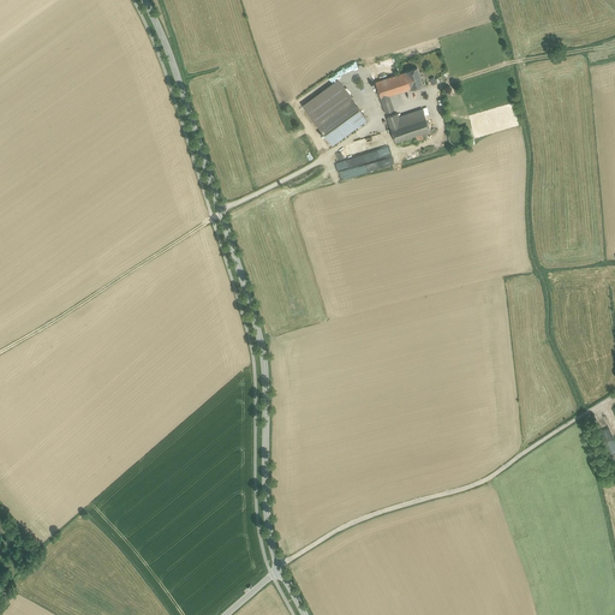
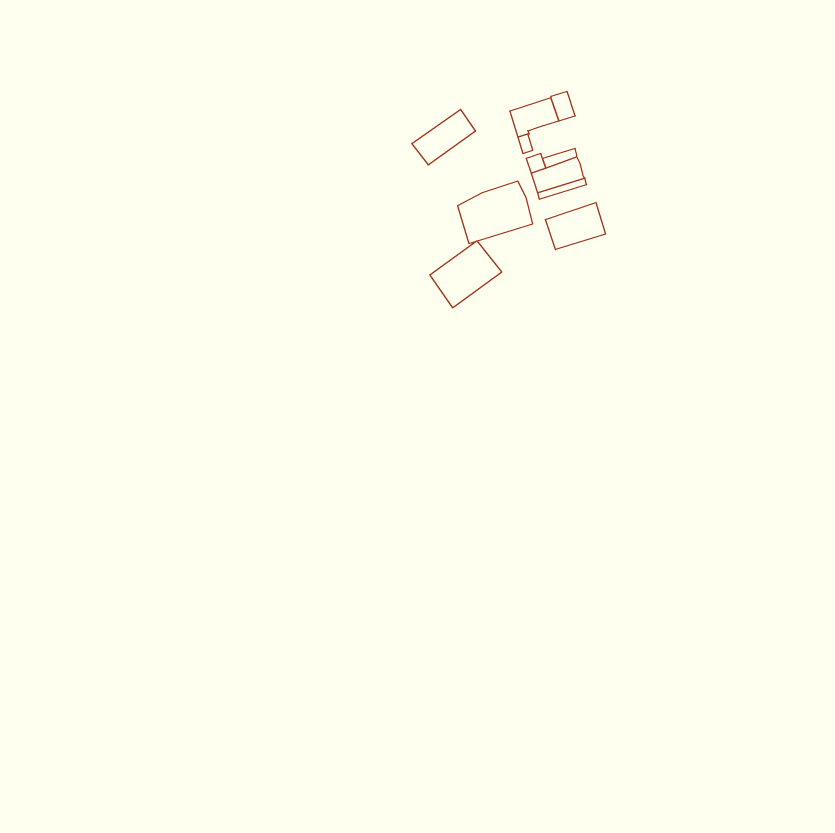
building: [315,97,368,147] -> [430,241,502,308]
building: none -> [545,202,605,250]

